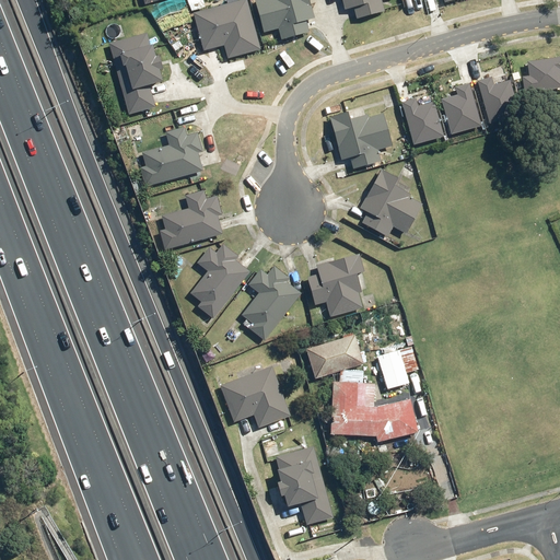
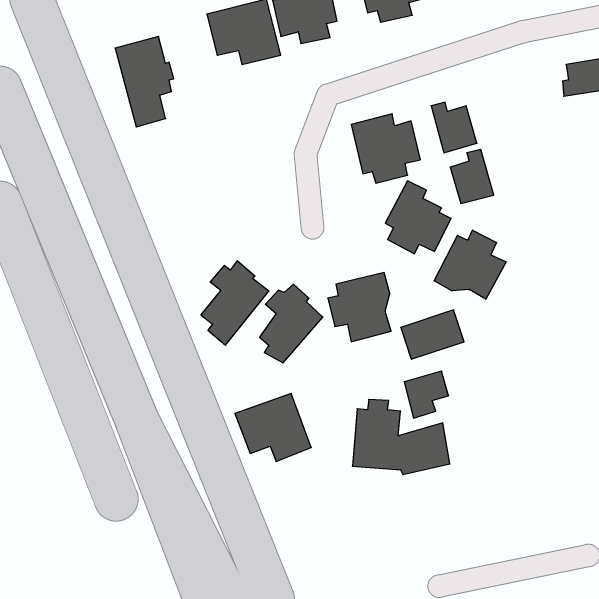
building: [478,73,521,120] -> none
building: [442,81,482,131] -> [450,149,494,203]
building: [139,127,203,188] -> none
building: [158,188,223,250] -> none
building: none -> [434,230,506,299]
building: [303,334,362,380] -> [401,310,464,359]
building: [276,447,331,524] -> none

